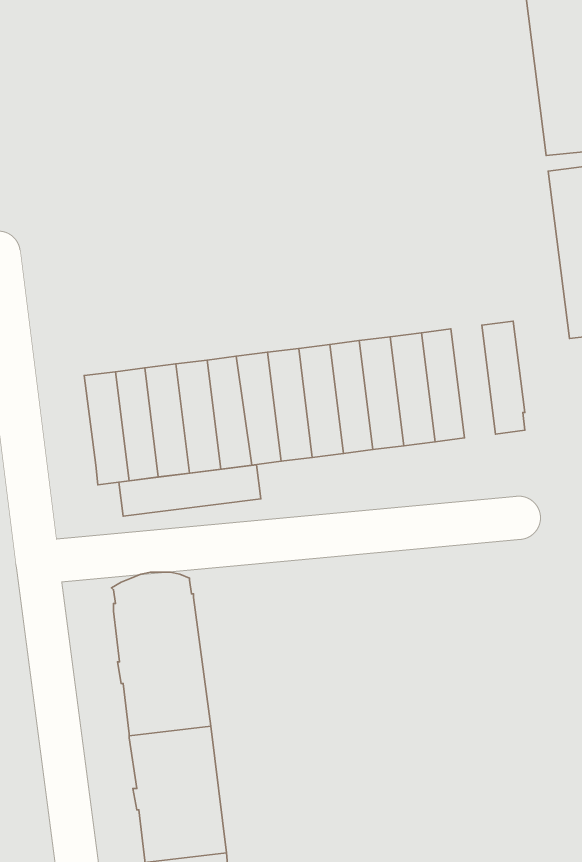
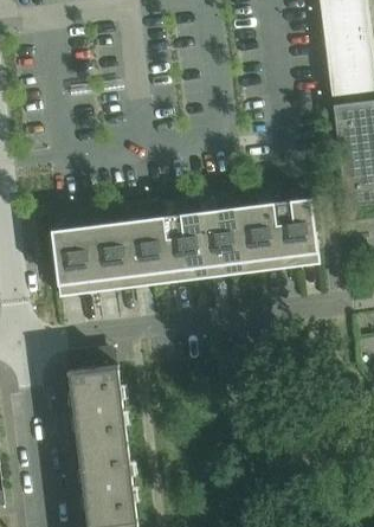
building: none -> [275,199,302,268]
building: [119,465,261,516] -> none

